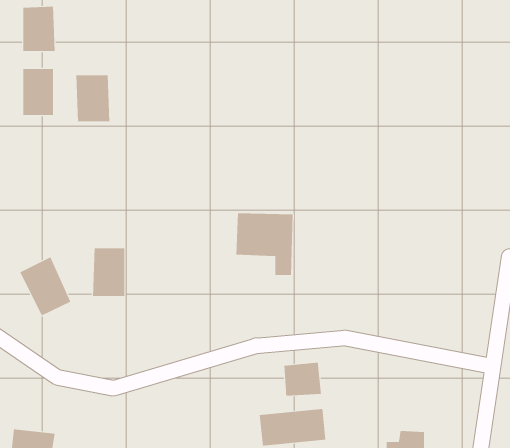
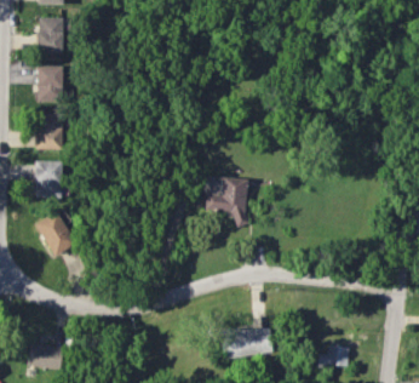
building: [76,75,110,122] -> [36,113,63,149]
building: [92,248,125,296] -> [35,161,61,199]
building: [284,362,321,396] -> none

